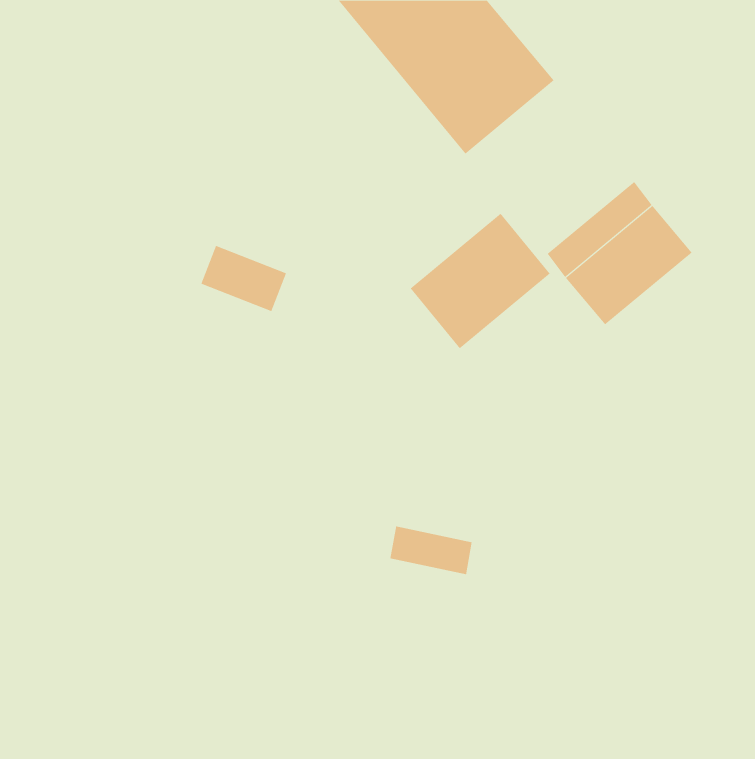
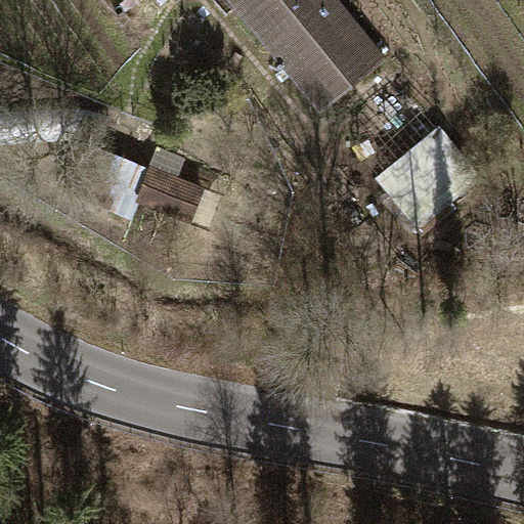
building: [410,213,550,349] -> none

